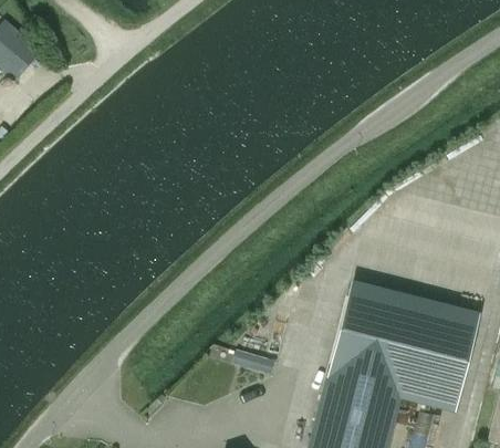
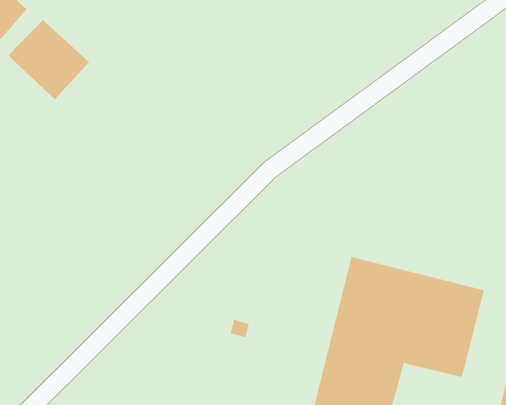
building: none -> [8,19,90,100]

